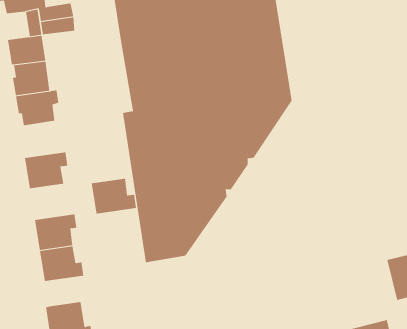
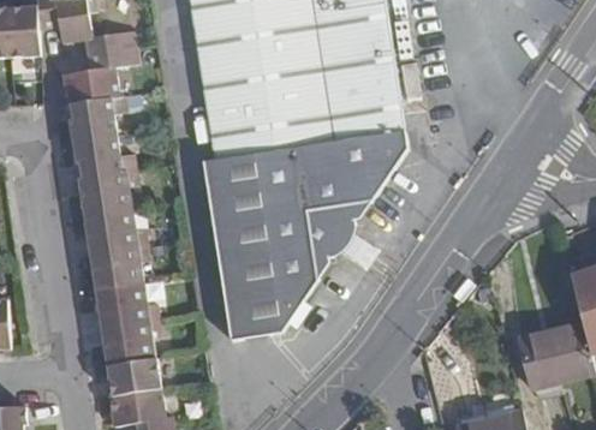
building: none -> [79,172,135,216]
building: [91,178,137,214] -> [90,247,145,291]
building: none -> [108,358,159,395]

